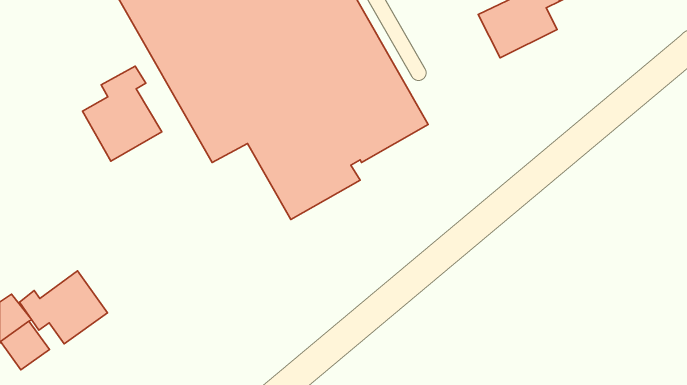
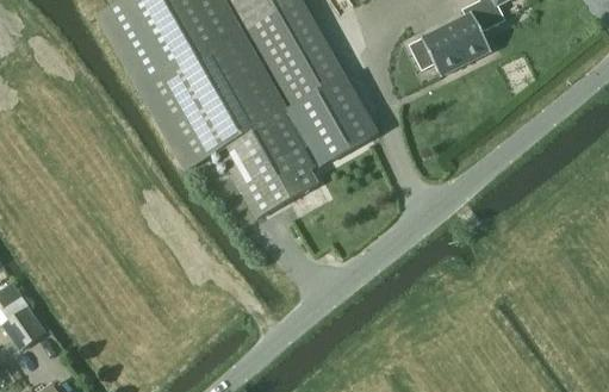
building: [82,66,162,161] -> none
building: [19,271,108,344] -> none

